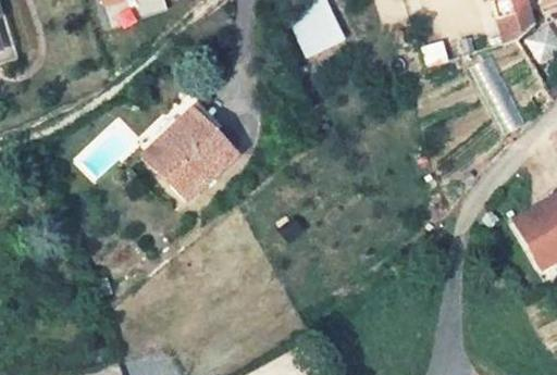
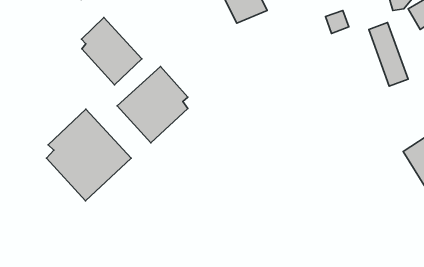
building: none -> [81,18,142,85]
building: none -> [46,109,131,201]

